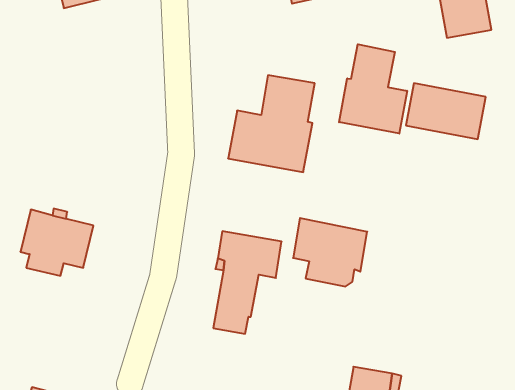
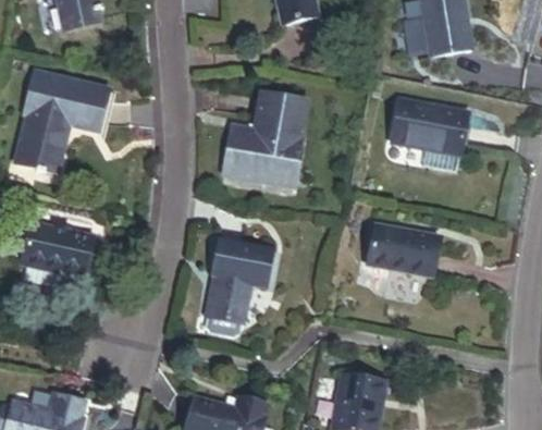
building: [339,44,407,134] -> none
building: none -> [17,71,109,169]
building: [293,218,367,286] -> [367,223,438,288]

